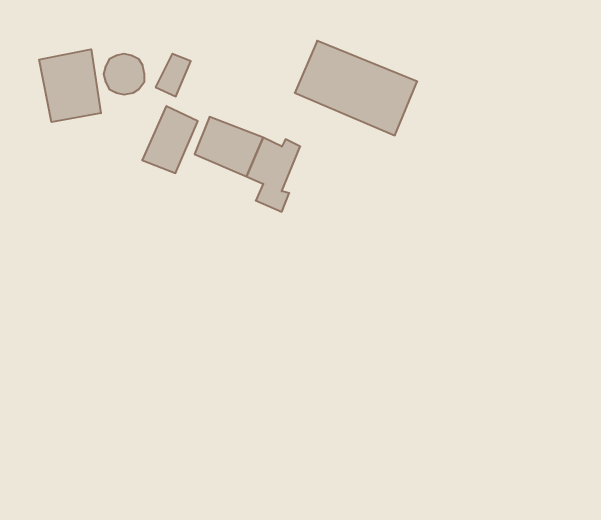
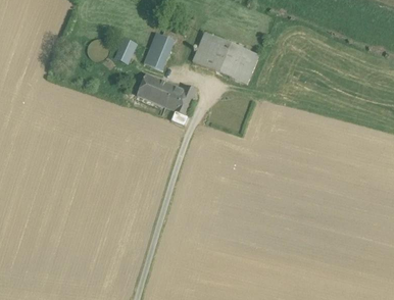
building: [39,49,101,122] -> none
building: [142,106,198,173] -> [143,33,174,69]

